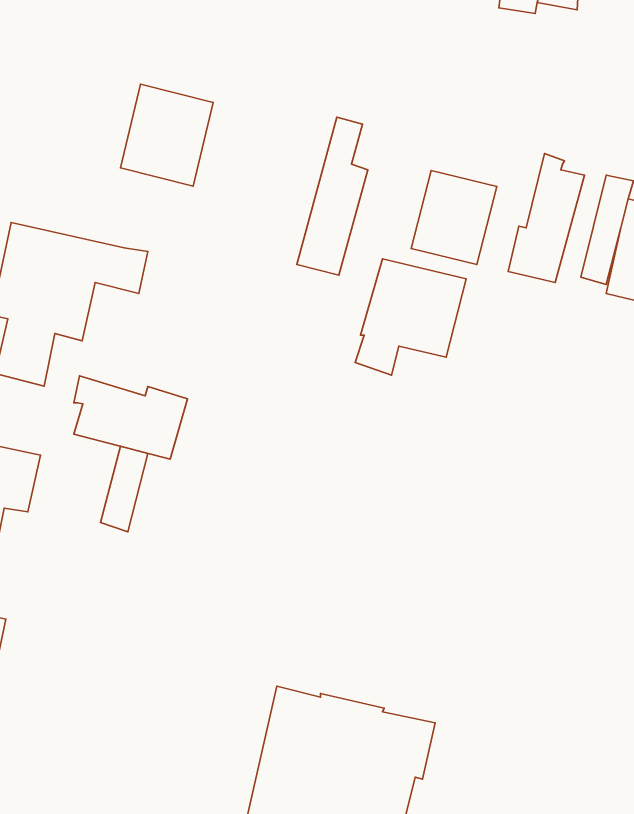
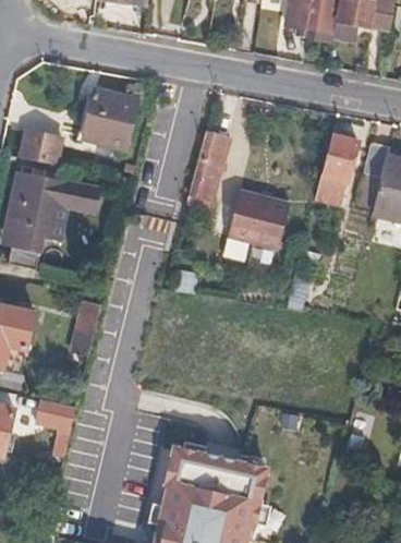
building: none -> [22,129,62,164]
building: [411,170,497,265] -> none
building: [74,376,188,459] -> none
building: none -> [35,399,75,457]

